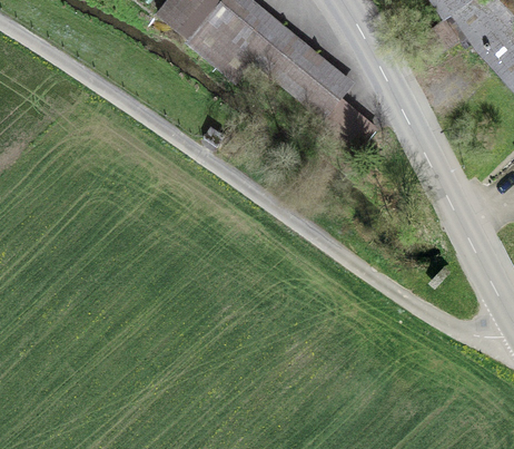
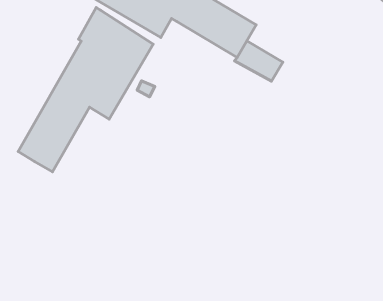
building: none -> [18,8,153,172]

